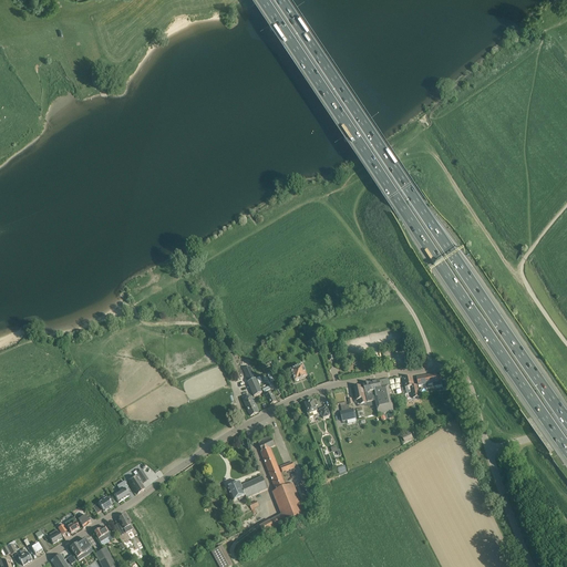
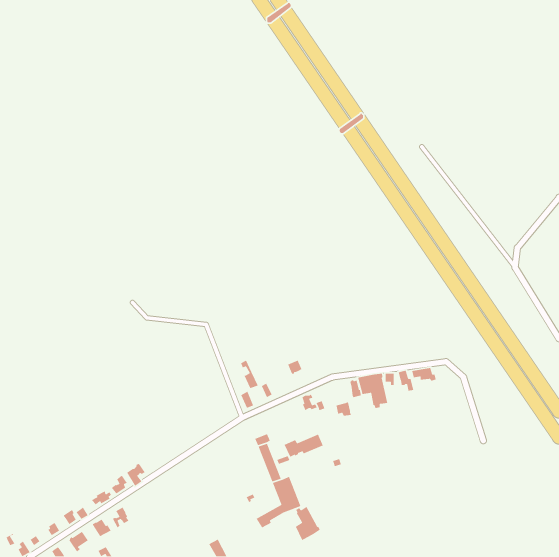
building: [226,474,267,498] -> [283,434,324,458]
building: none -> [295,506,321,541]

